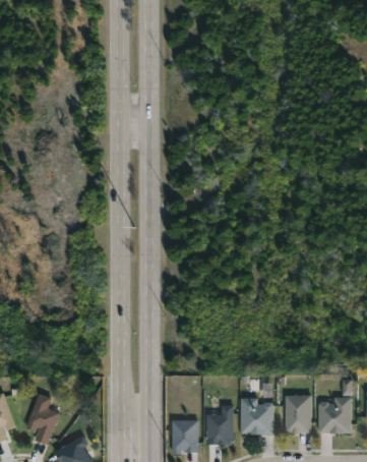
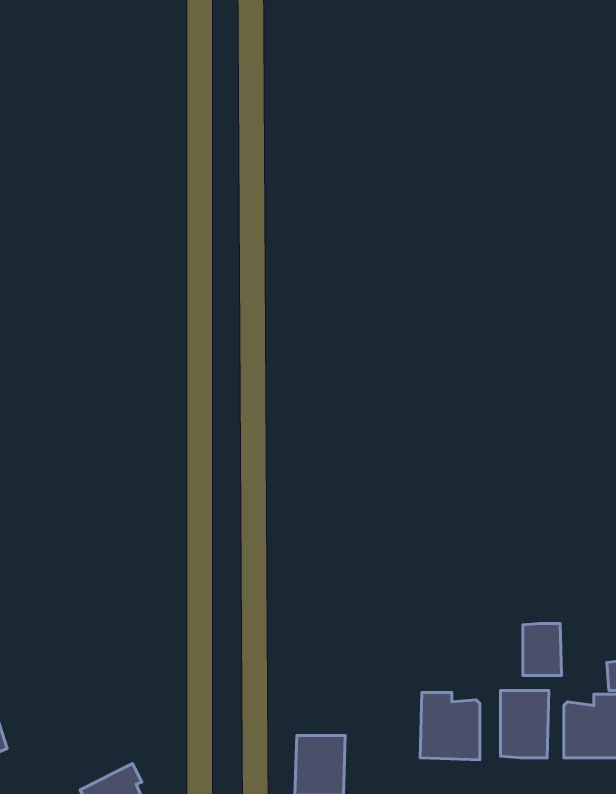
building: none -> [523,624,562,676]
building: [26,394,59,445] -> none
building: [206,405,234,445] -> none

